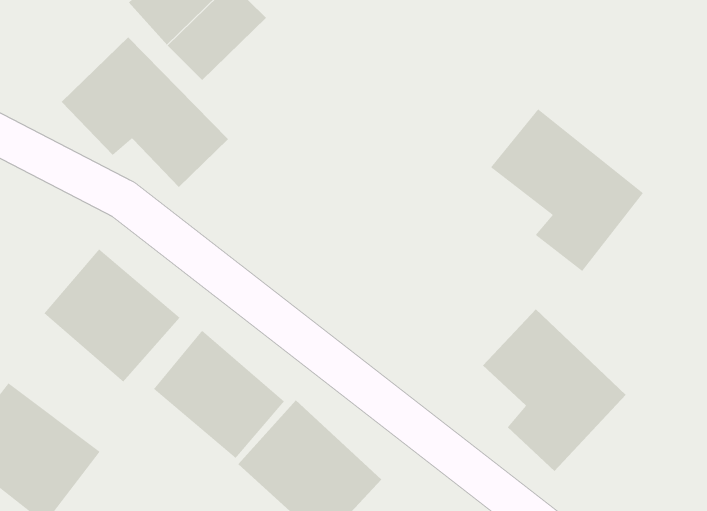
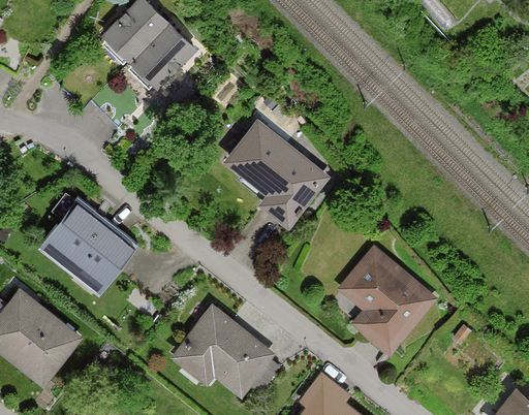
building: [61,37,229,188] -> none
building: [490,109,644,272] -> [226,121,330,230]
building: [153,330,285,459] -> none

